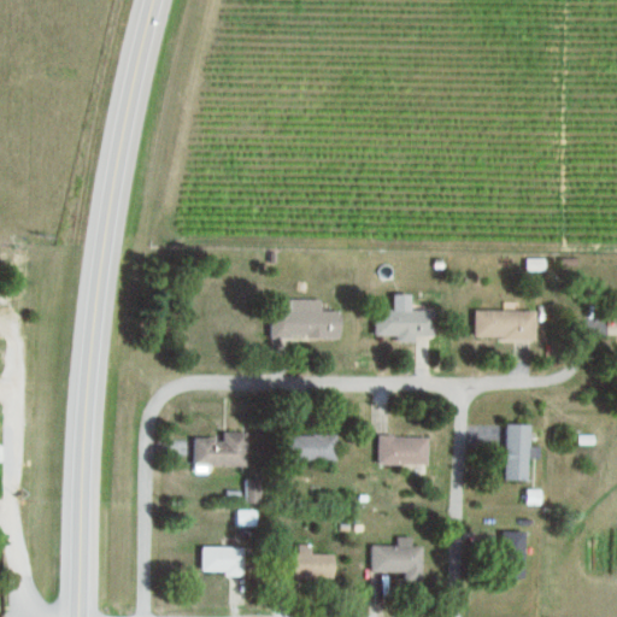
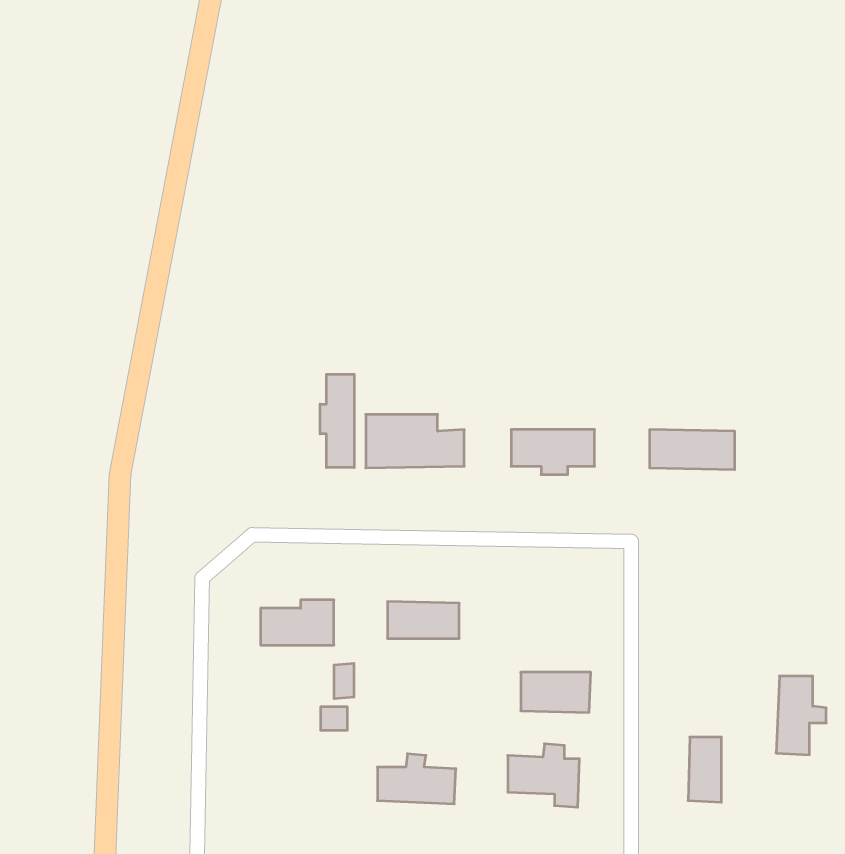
building: none -> [320,374,354,468]
building: [505,424,541,481] -> [776,676,826,755]
building: [378,436,429,465] -> [521,672,591,712]
building: [201,547,246,576] -> none

